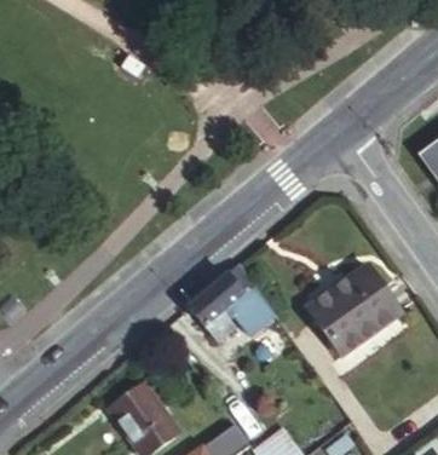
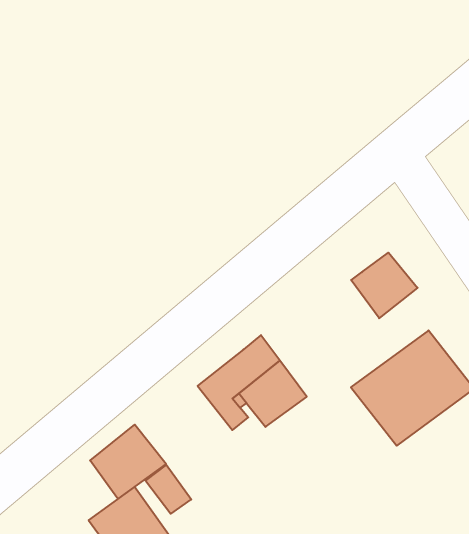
building: none -> [351,253,418,318]
building: none -> [90,425,166,499]

